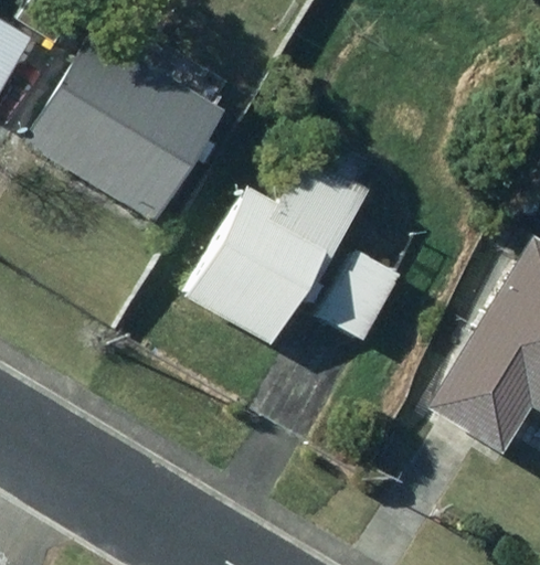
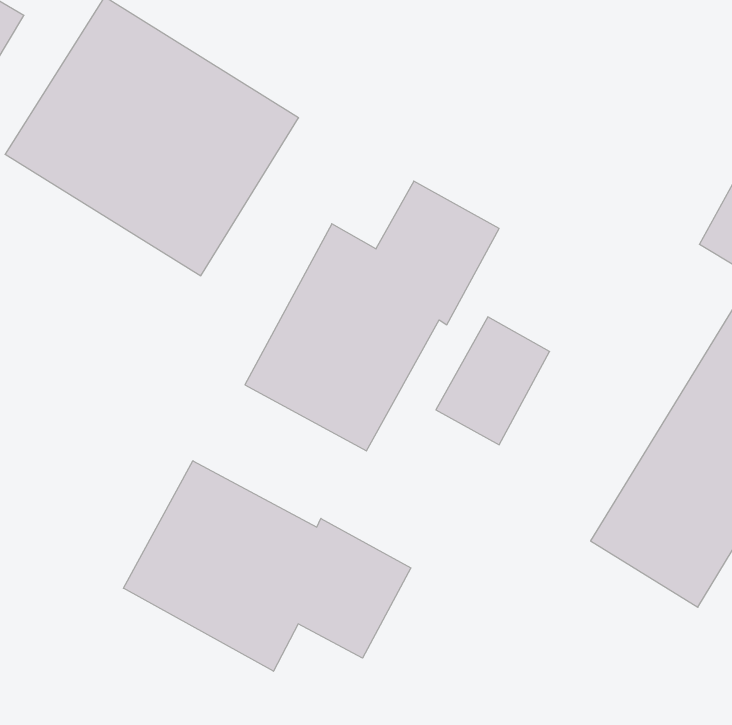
building: none -> [123,461,411,671]

